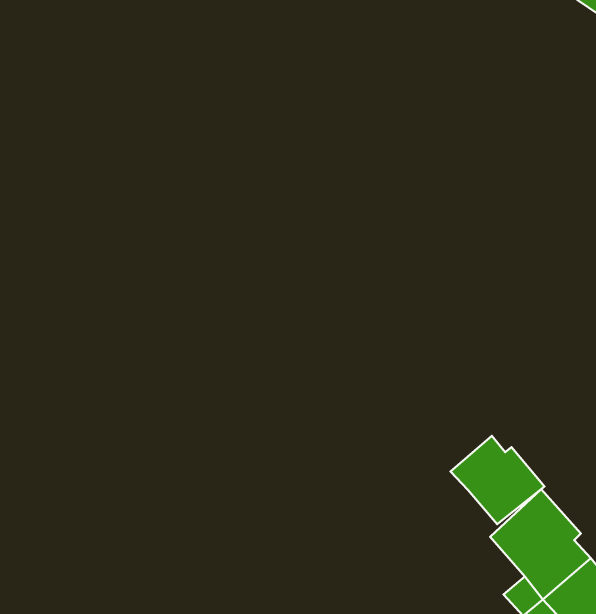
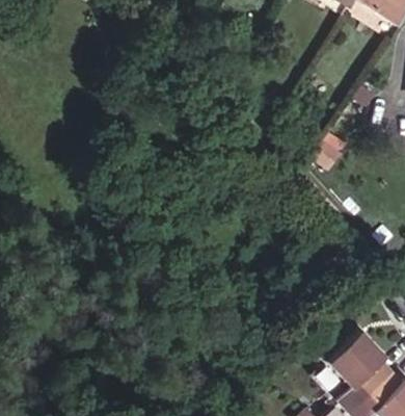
building: [450,436,544,524] -> none

